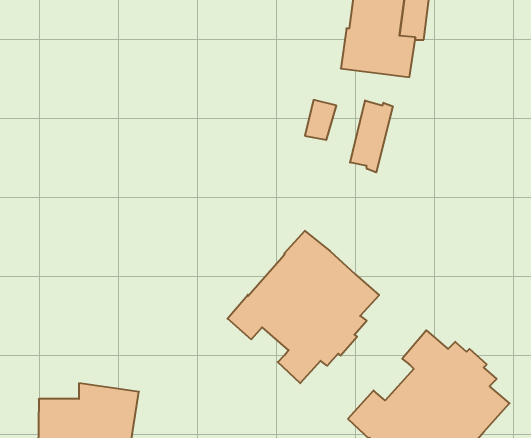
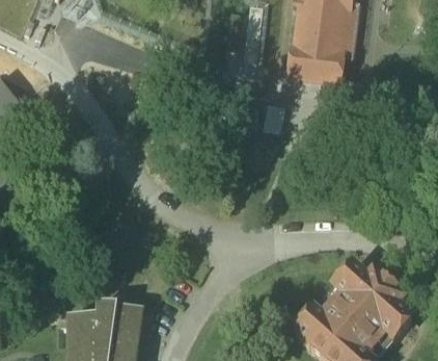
building: [350,100,393,172] -> none
building: [227,231,379,383] -> none

